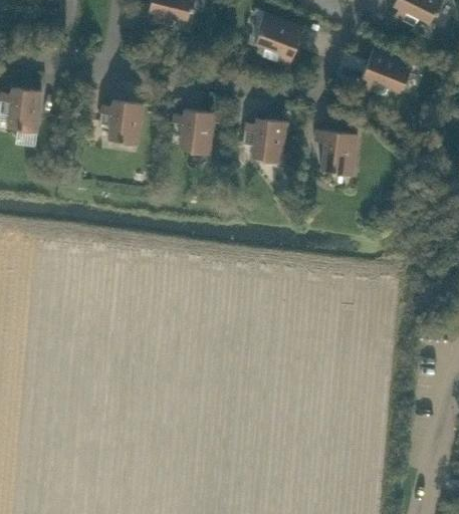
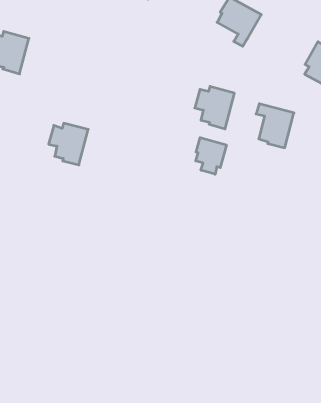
building: [99,100,143,146] -> [49,123,88,165]
building: [172,109,215,155] -> none
building: none -> [196,138,226,174]

